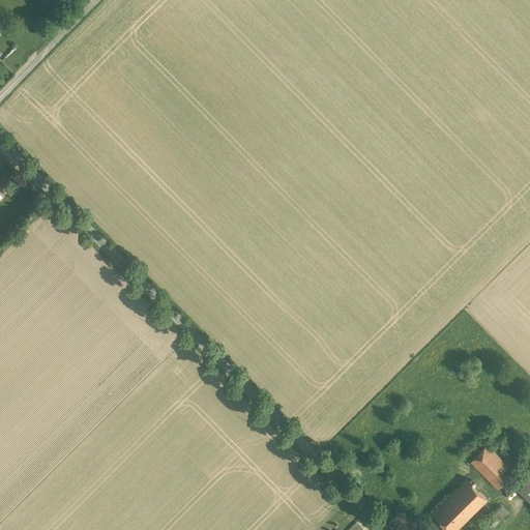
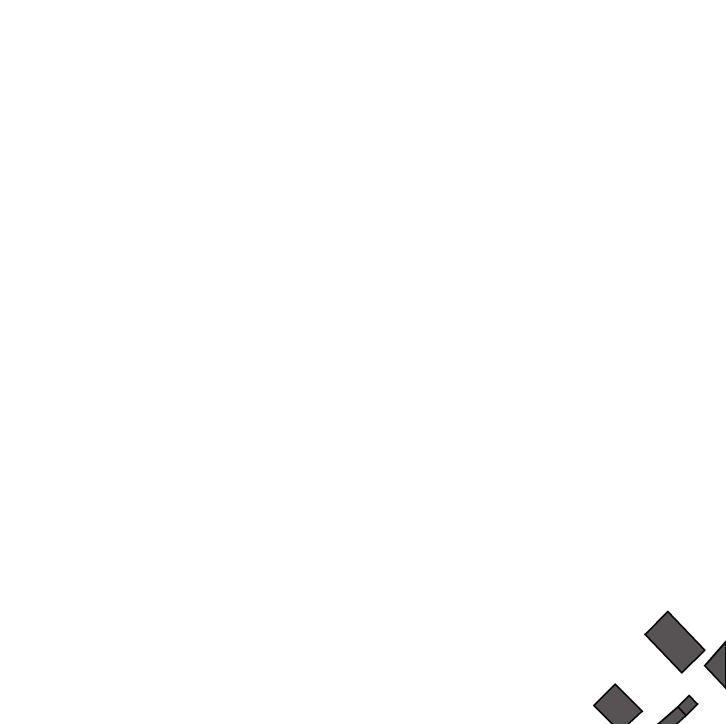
building: [448,481,487,520] -> none

